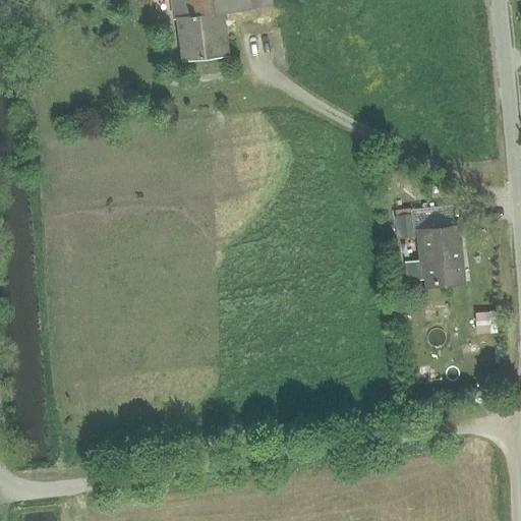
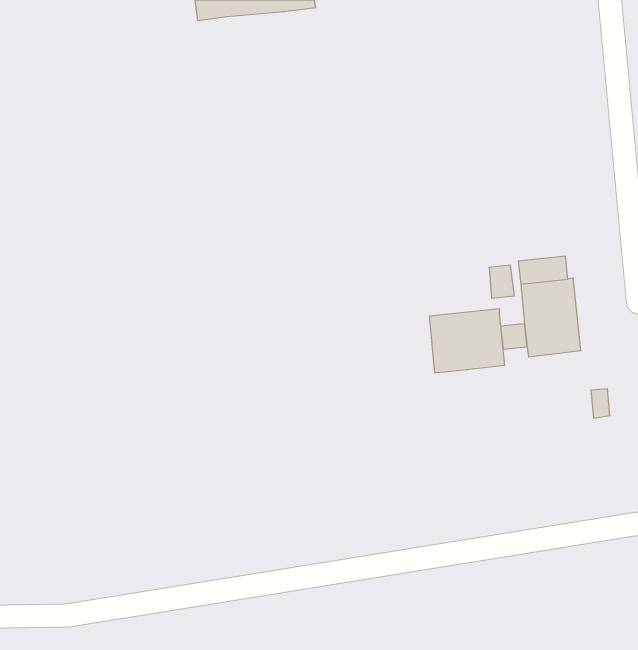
building: [181,10,232,60] -> none
building: none -> [430,309,504,373]

